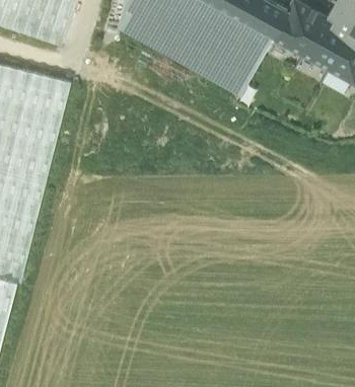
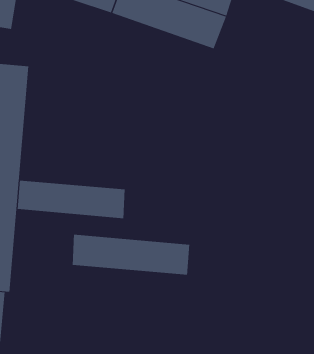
building: none -> [17,180,125,219]
building: none -> [72,234,190,275]

